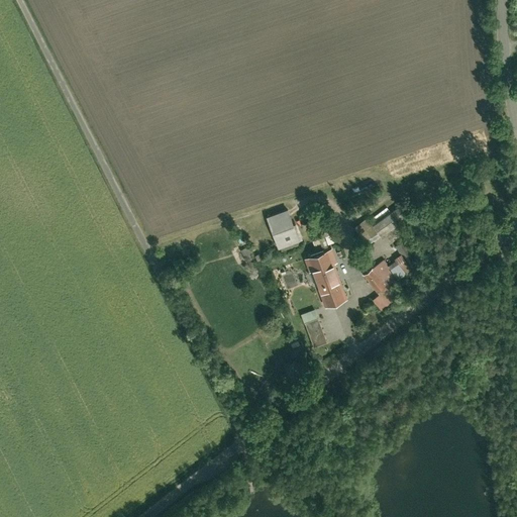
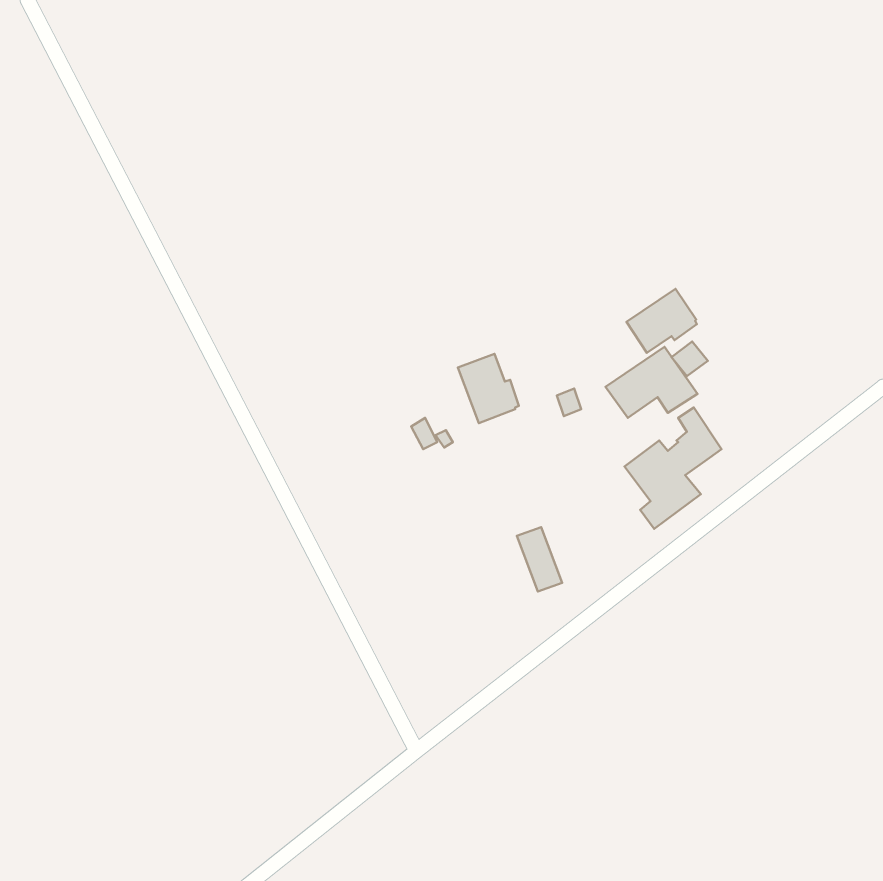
building: none -> [626,289,697,353]
building: [304,248,347,308] -> none

